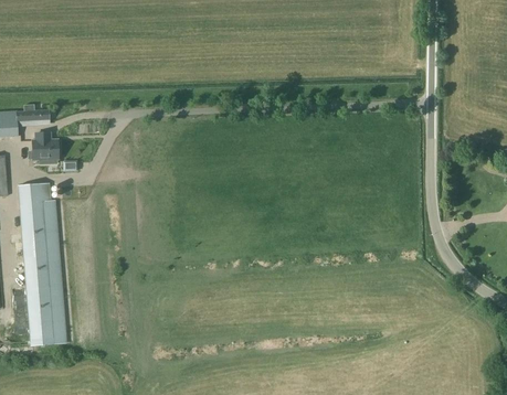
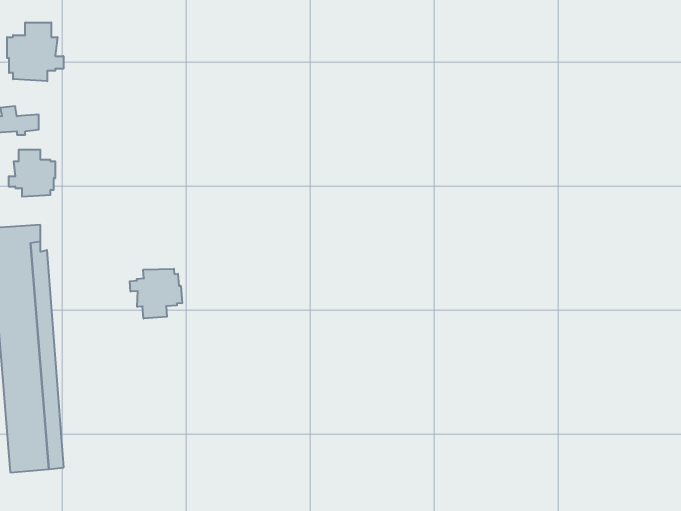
building: none -> [7,22,63,81]
building: none -> [130,269,182,319]

